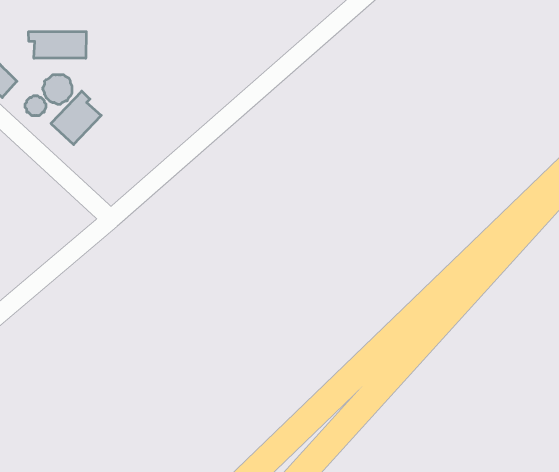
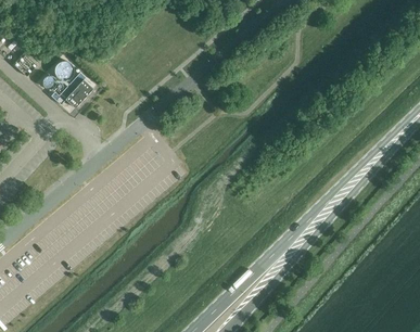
building: [29,32,86,58] -> none

